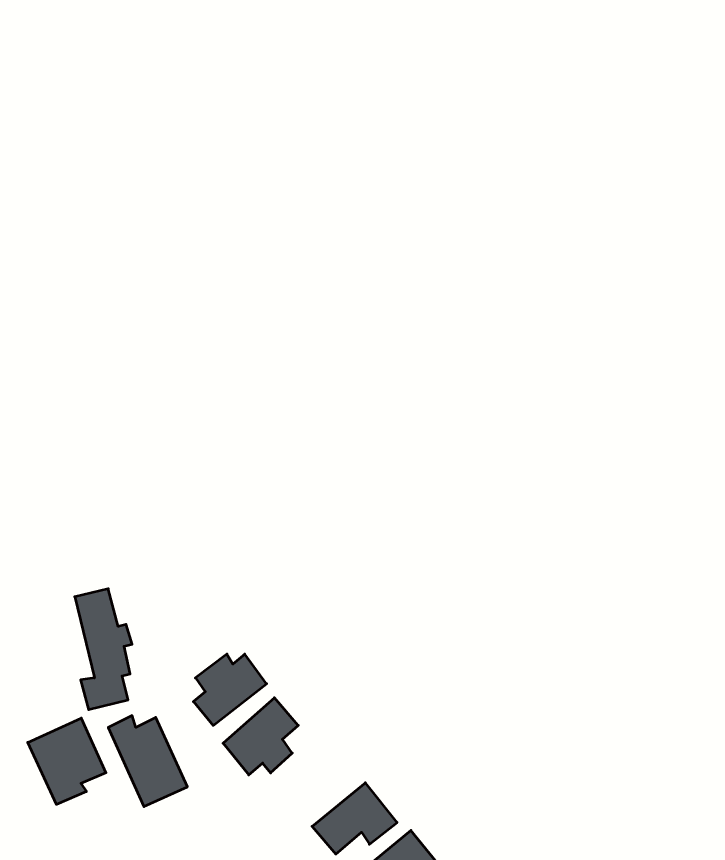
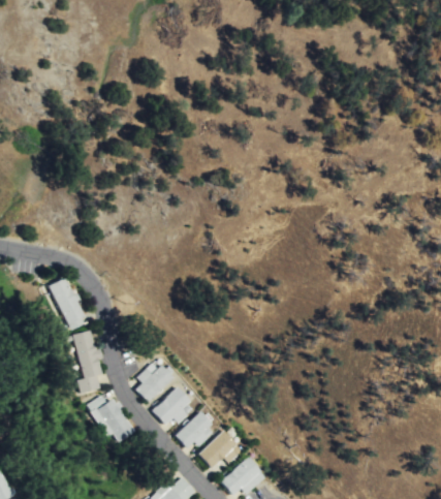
building: none -> [49,277,87,331]
building: [28,718,106,804] -> none
building: none -> [174,411,216,448]

